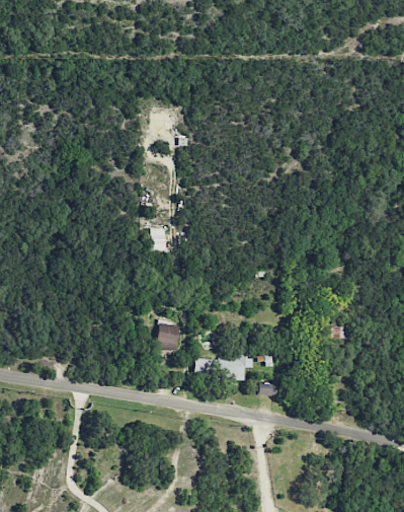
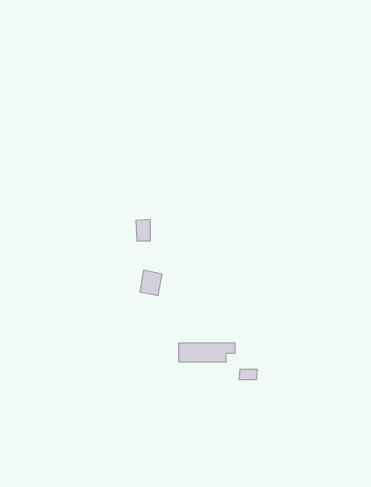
building: [156,323,179,350] -> [140,270,162,296]

